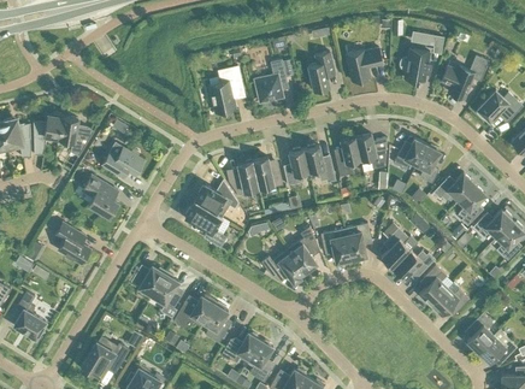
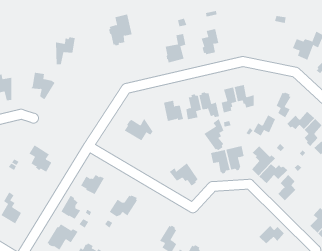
building: [346,47,382,79] -> none
building: [399,47,430,81] -> none
building: [208,65,244,112] -> [108,14,133,46]
building: [33,112,63,153] -> [55,37,76,65]
building: [393,136,426,169] -> [253,114,276,137]
building: [102,142,143,176] -> none
building: [226,158,258,194] -> none
building: [82,173,118,216] -> none
building: [184,200,226,246] -> none
building: [287,224,317,272] -> [204,118,224,151]
building: [152,270,182,306] -> [60,195,81,220]
building: [430,287,468,314] -> [259,225,285,244]
building: [202,301,228,341] -> none
building: [220,330,260,361] -> none

